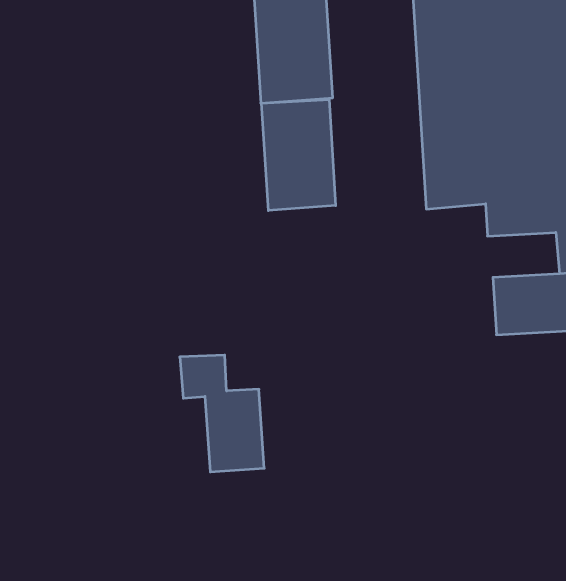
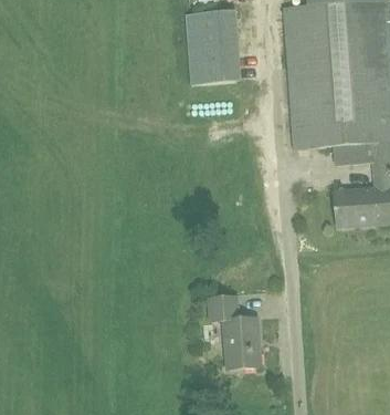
building: [262,100,336,211] -> none
building: [180,355,264,472] -> [210,295,262,367]

